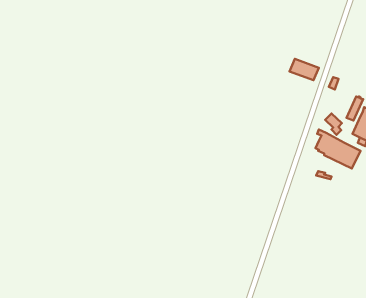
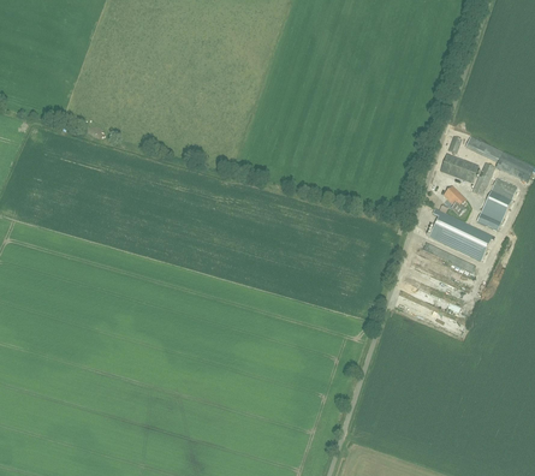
building: [290,59,319,80] -> [439,153,478,182]

